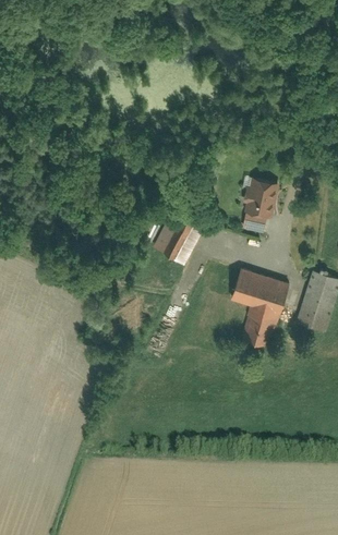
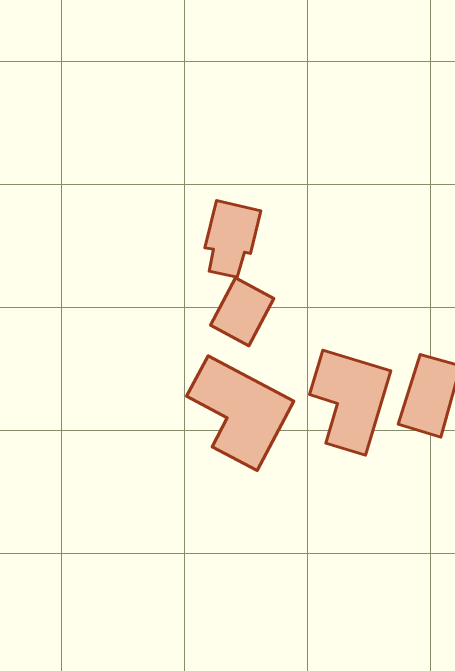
building: [238,178,279,234] -> [205,200,261,277]
building: none -> [187,356,294,471]

